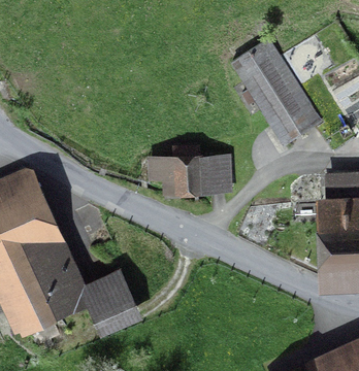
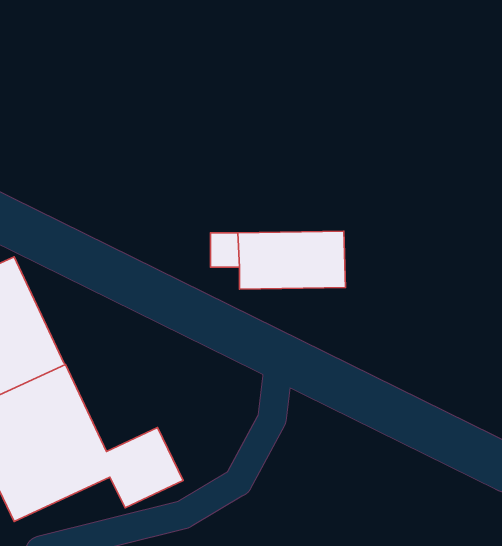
building: [232,40,320,145] -> none

